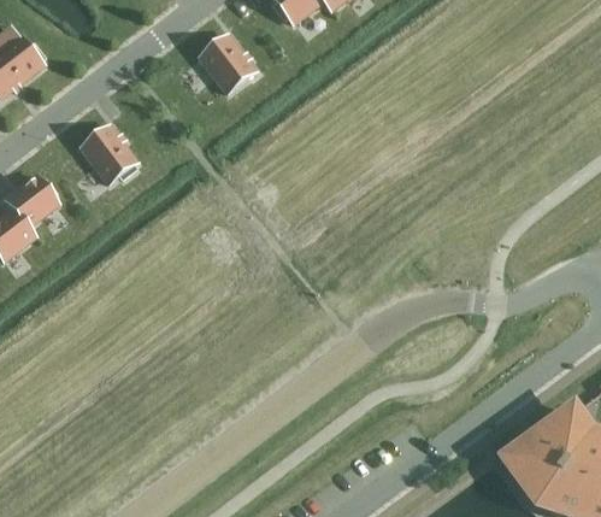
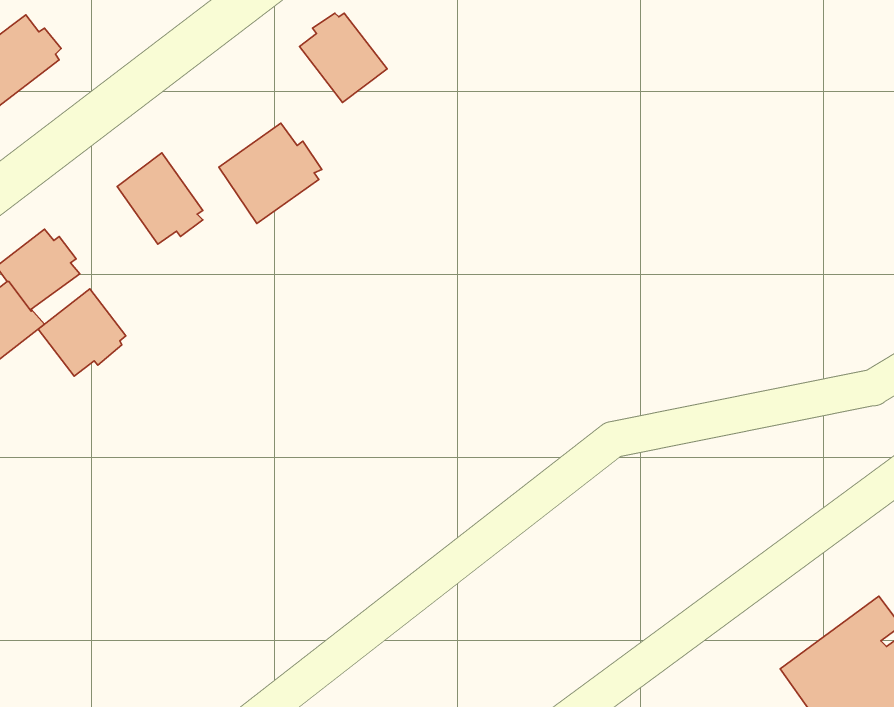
building: none -> [219,123,322,223]
building: none -> [38,289,126,376]

